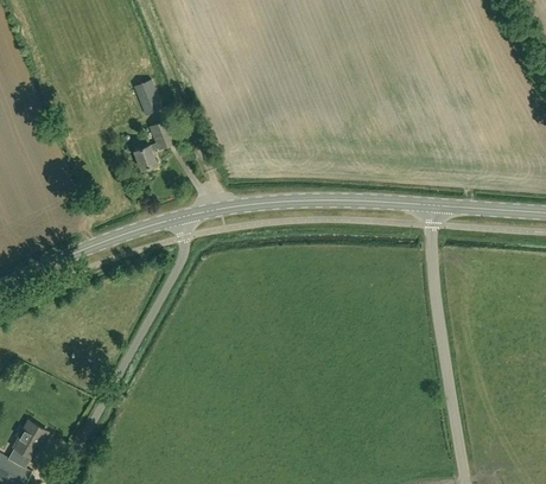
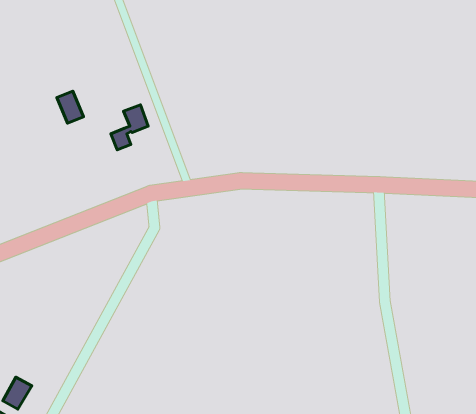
building: [131,82,160,117] -> [57,91,84,123]

